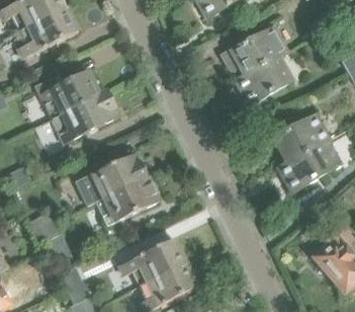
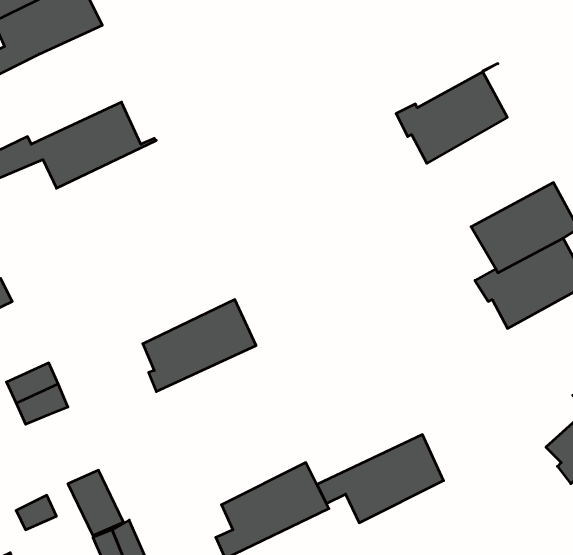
building: [230,26,286,75] -> none
building: [54,92,117,142] -> none
building: [72,152,148,208] -> none
building: [118,238,185,285] -> [317,435,444,523]

